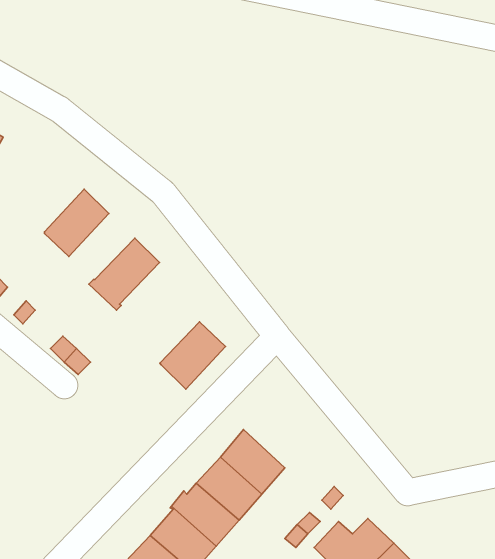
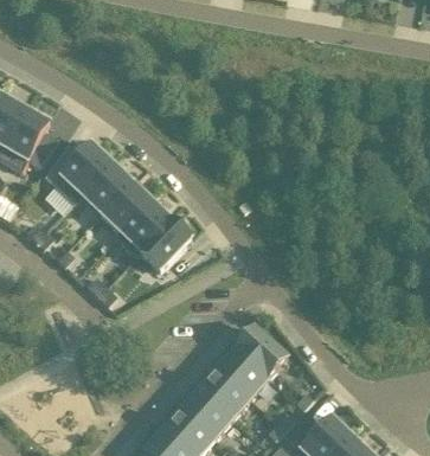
building: none -> [52,142,111,204]
building: none -> [100,180,150,231]
building: [160,322,226,389] -> [139,218,190,270]
building: none -> [235,327,285,377]

